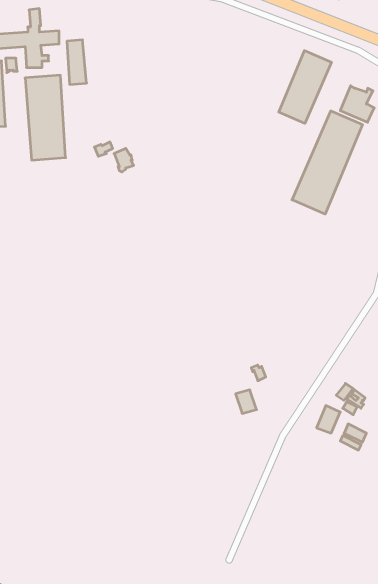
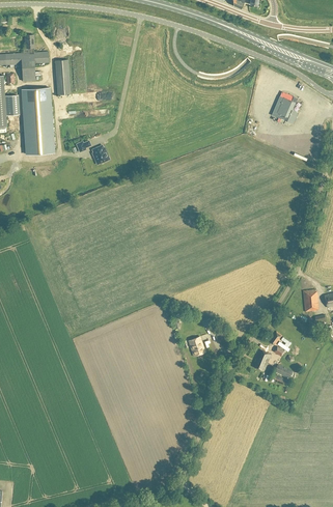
building: [279,51,331,123] -> none
building: [292,111,362,214] -> none

